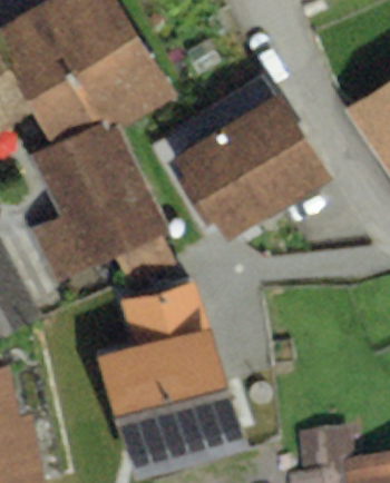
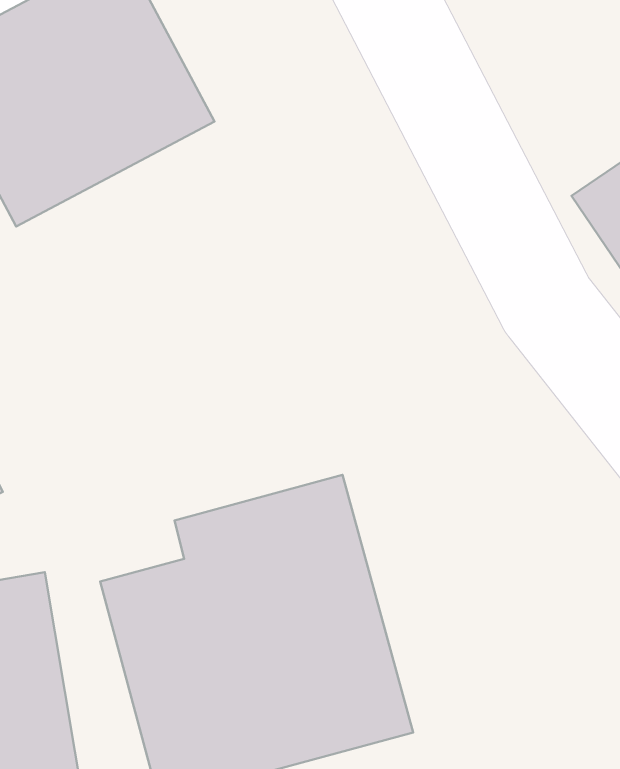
building: [150,87,311,233] -> none
building: [43,121,176,274] -> none

